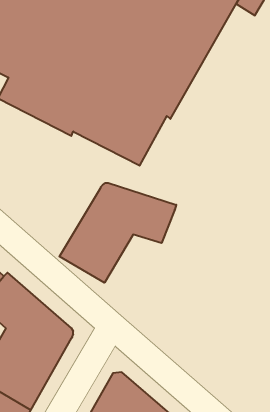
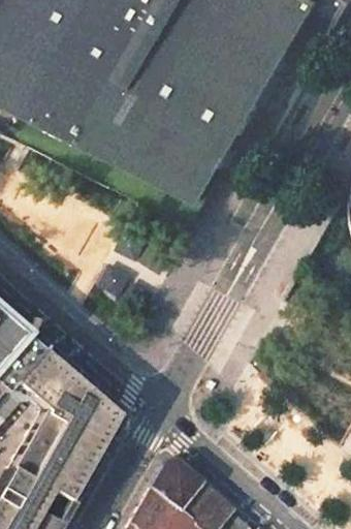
building: [59,183,176,283] -> none

